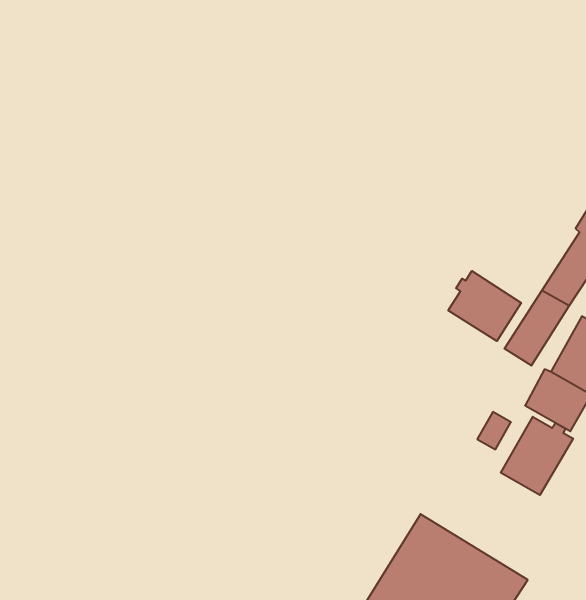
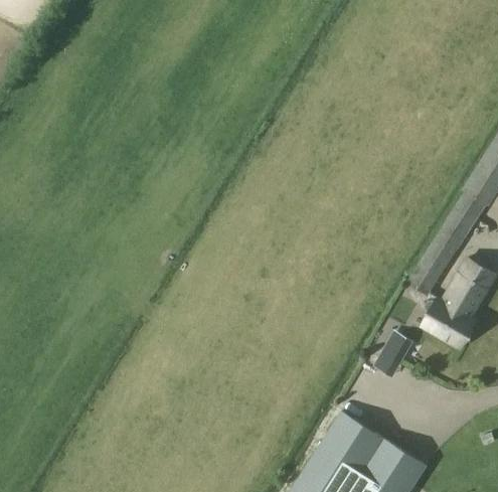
building: [448,271,521,341] -> none
building: [501,417,573,495] -> none

